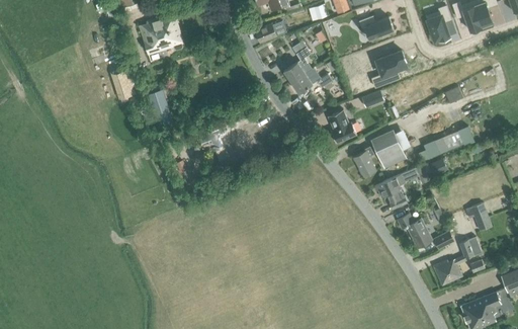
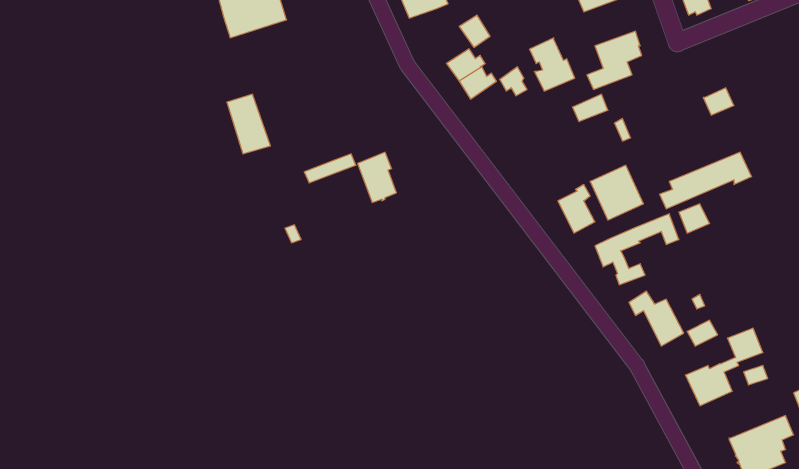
building: [110,69,140,100] -> none
building: [328,109,356,143] -> [530,38,575,91]
building: [464,202,493,232] -> none

